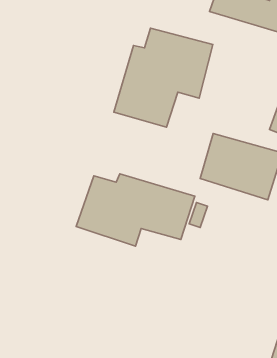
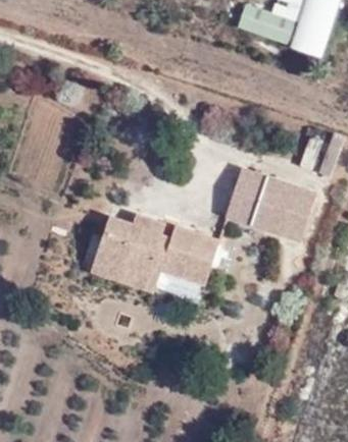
building: [114,28,213,127] -> none

